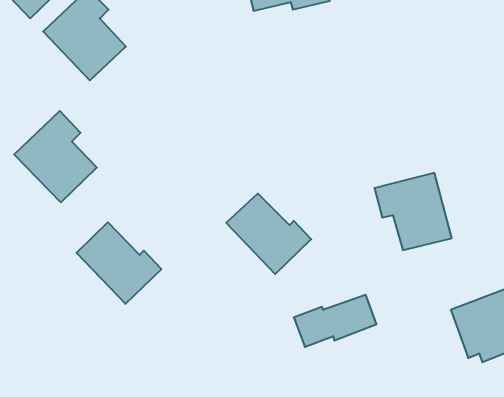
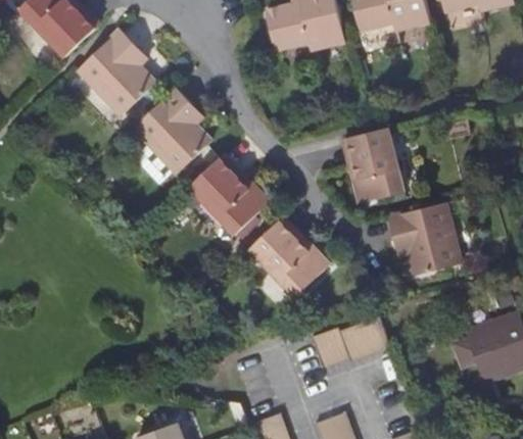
building: none -> [348,128,405,203]
building: [14,111,97,202] -> [133,88,210,174]
building: [76,222,161,304] -> [189,158,269,235]

